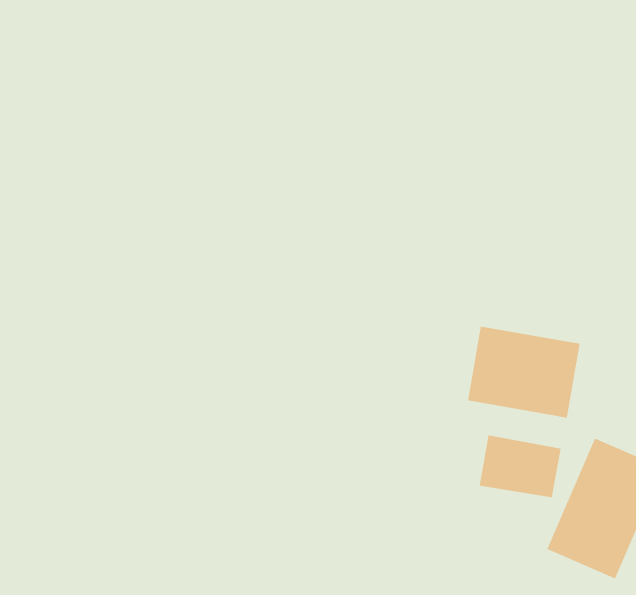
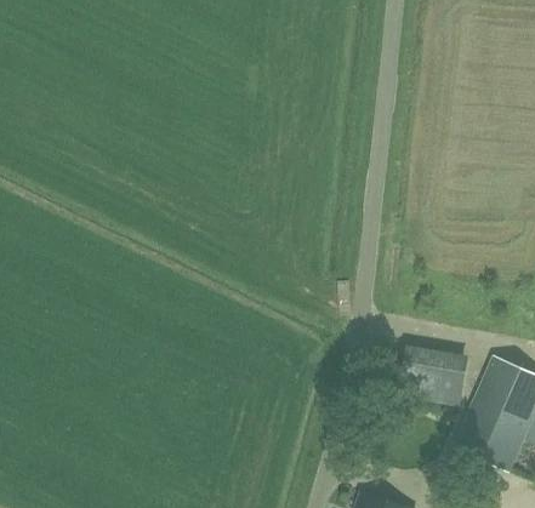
building: [467,326,580,419] -> none

